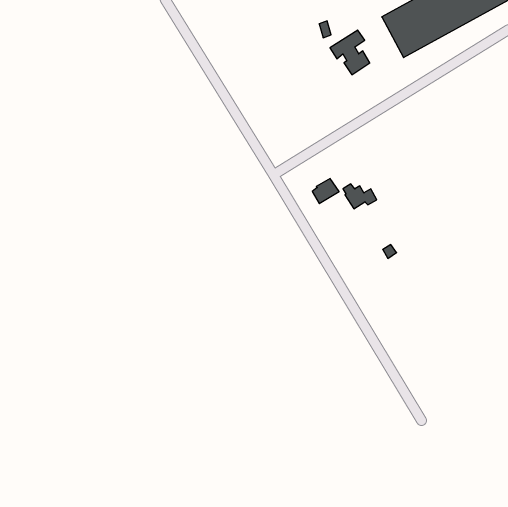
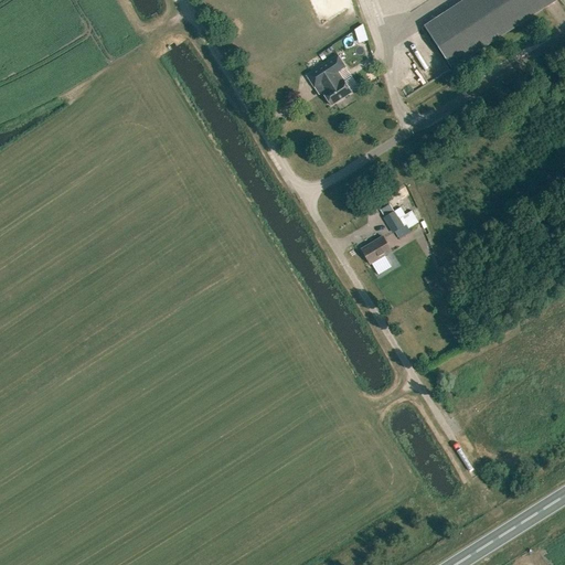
building: [330,30,370,75] -> [307,55,351,105]
building: [312,179,339,204] -> [362,236,392,264]

